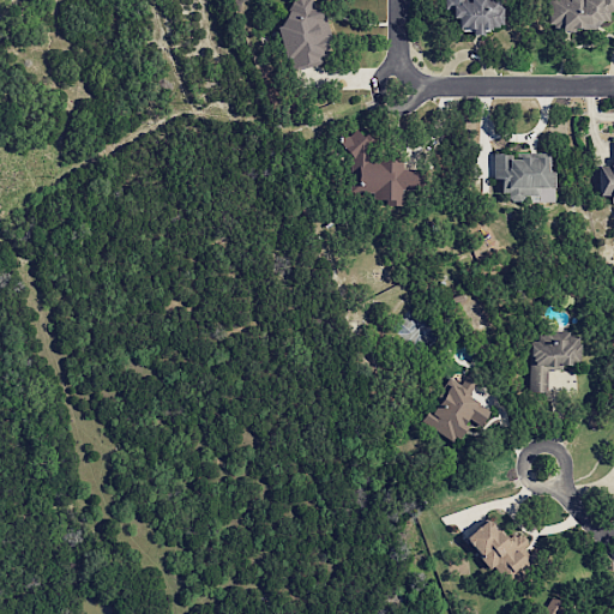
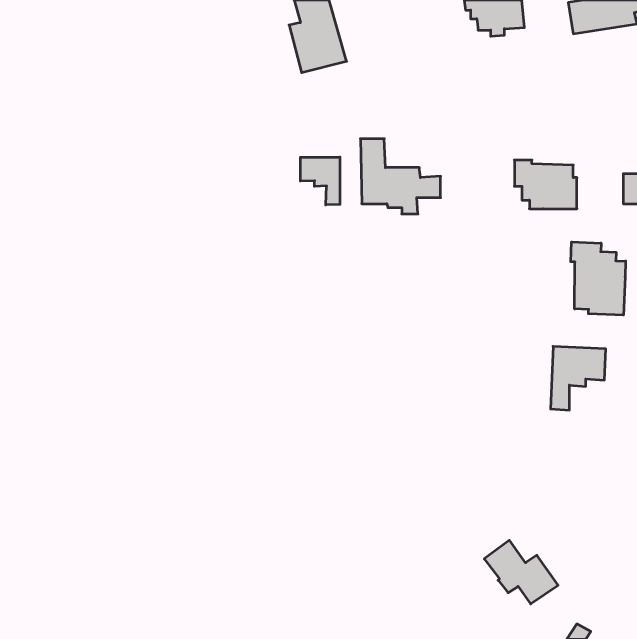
building: none -> [300,157,340,205]
building: none -> [571,242,626,315]
building: [425,375,492,443] -> none

